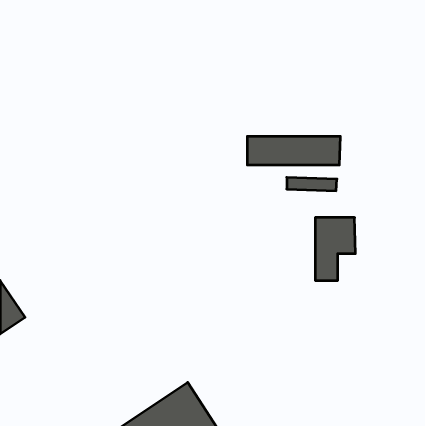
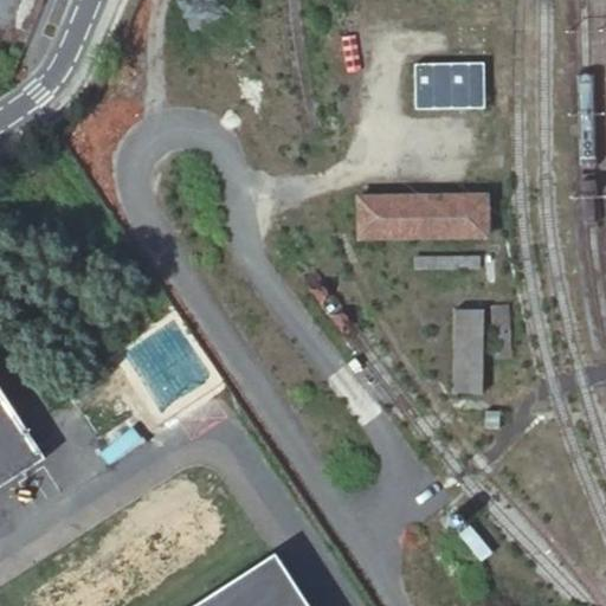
building: none -> [420,63,490,111]

